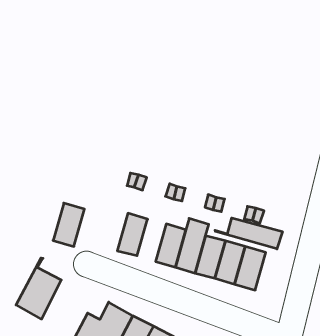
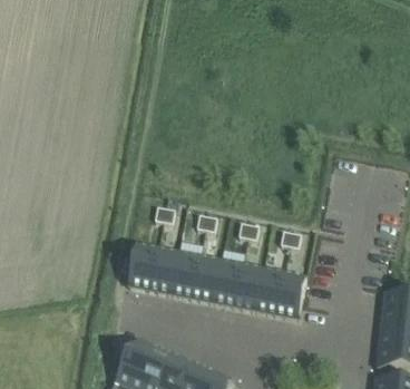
building: [53,203,84,246] -> [128,244,158,289]
building: [215,218,282,249] -> none
building: none -> [172,253,199,296]
building: [16,258,61,319] -> none

